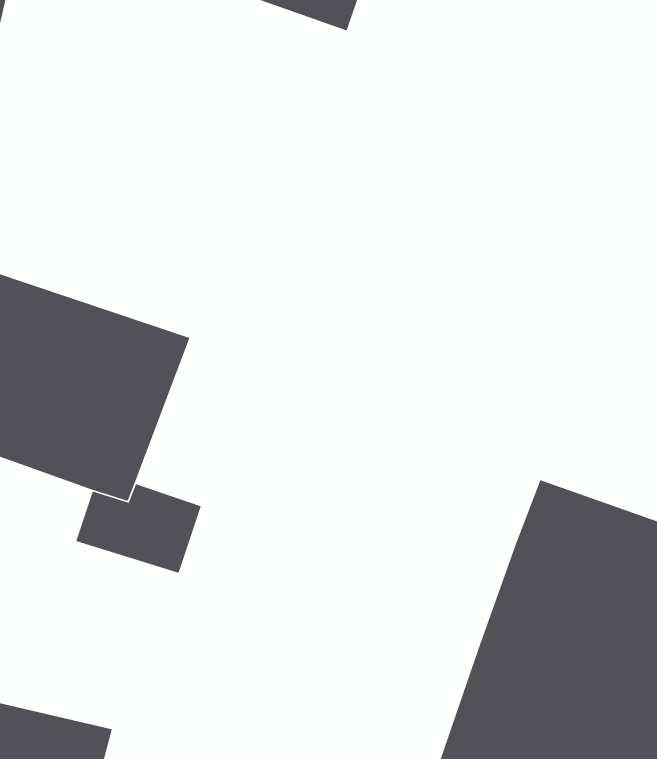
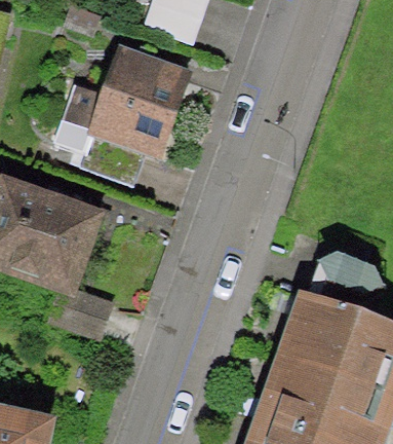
building: none -> [52,45,193,160]

